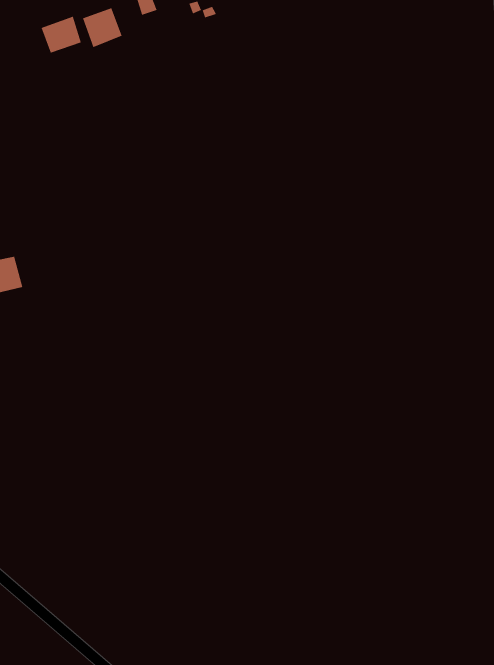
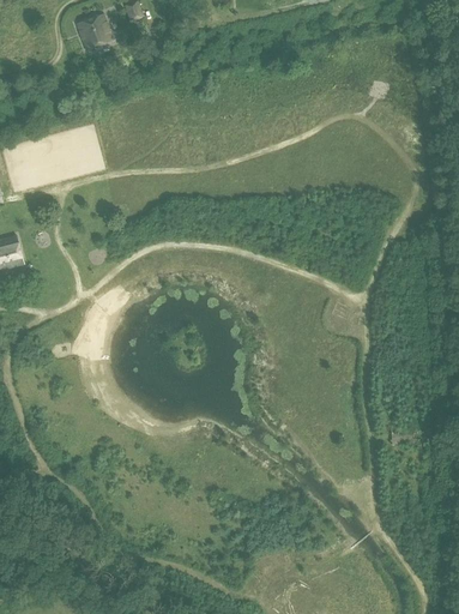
building: [41,16,81,54] -> none

